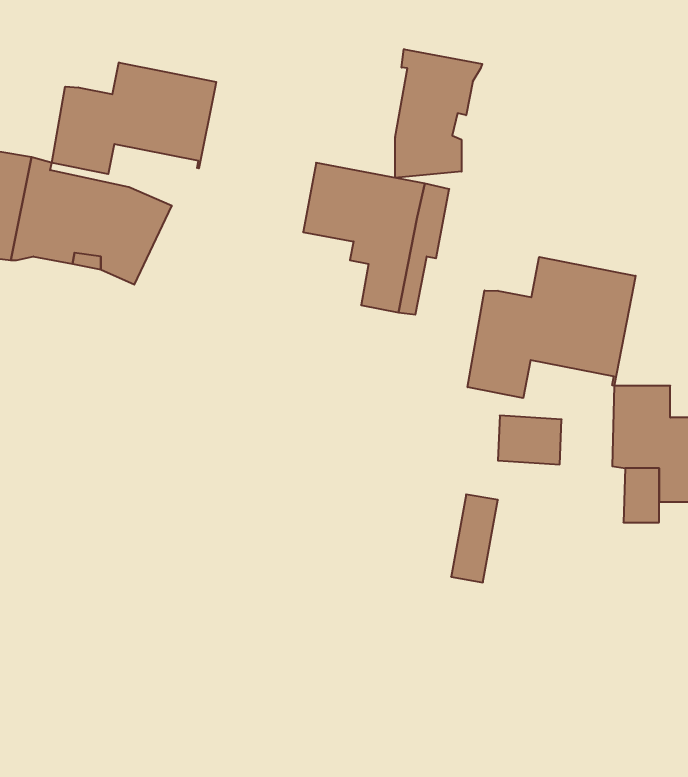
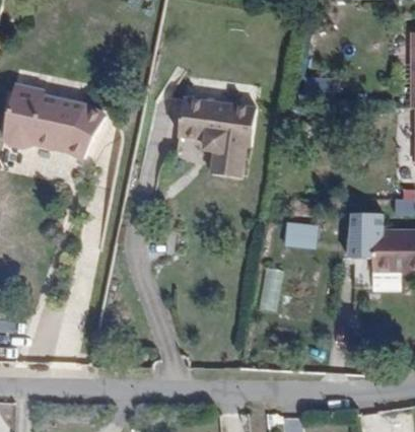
building: [395,49,482,178] -> none
building: [52,62,216,174] -> none
building: [468,257,636,398] -> none

